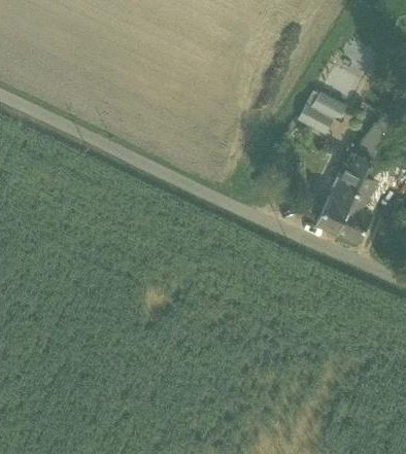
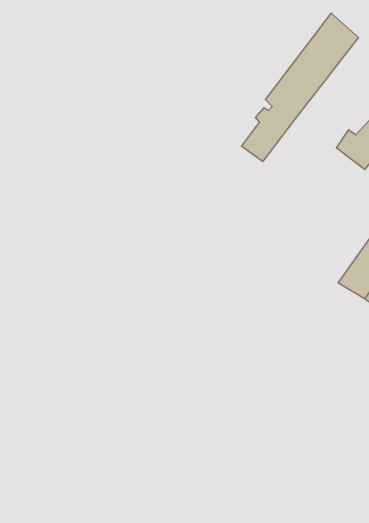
building: none -> [241,13,358,161]

